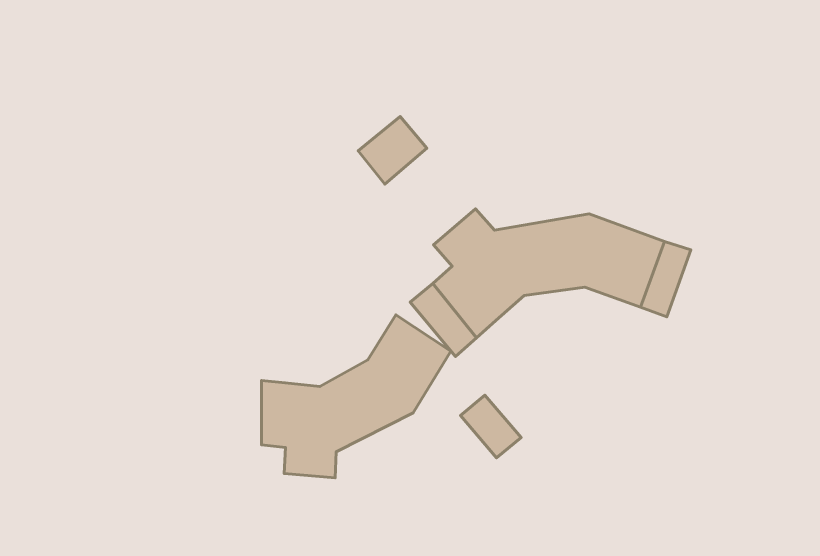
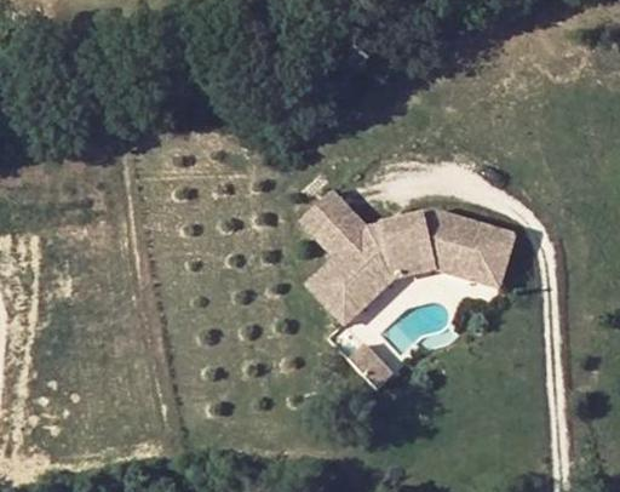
building: [358,116,427,184] -> [305,193,355,242]
building: [261,315,451,478] -> none

